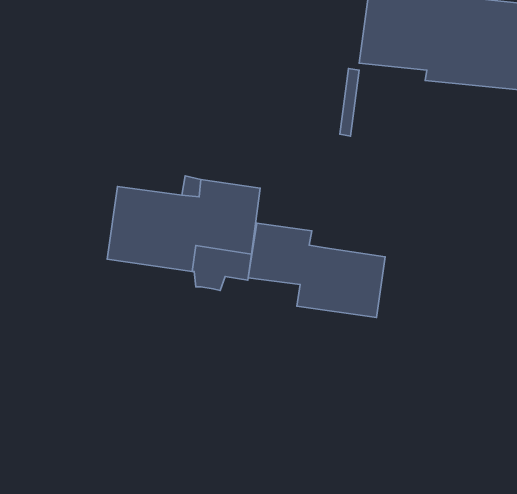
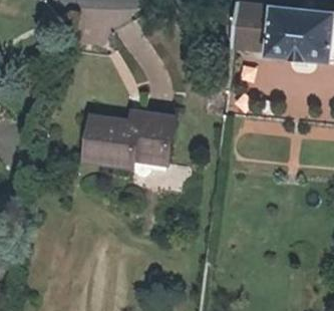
building: [248,223,385,317] -> none

